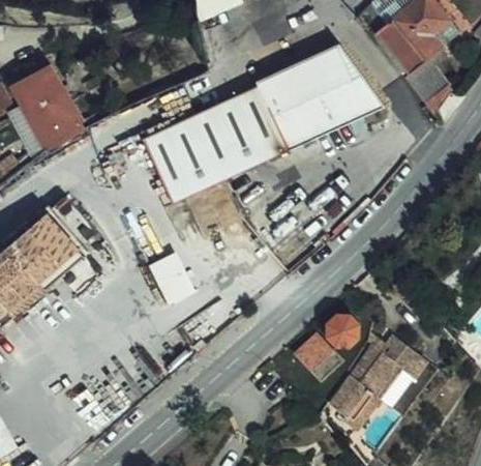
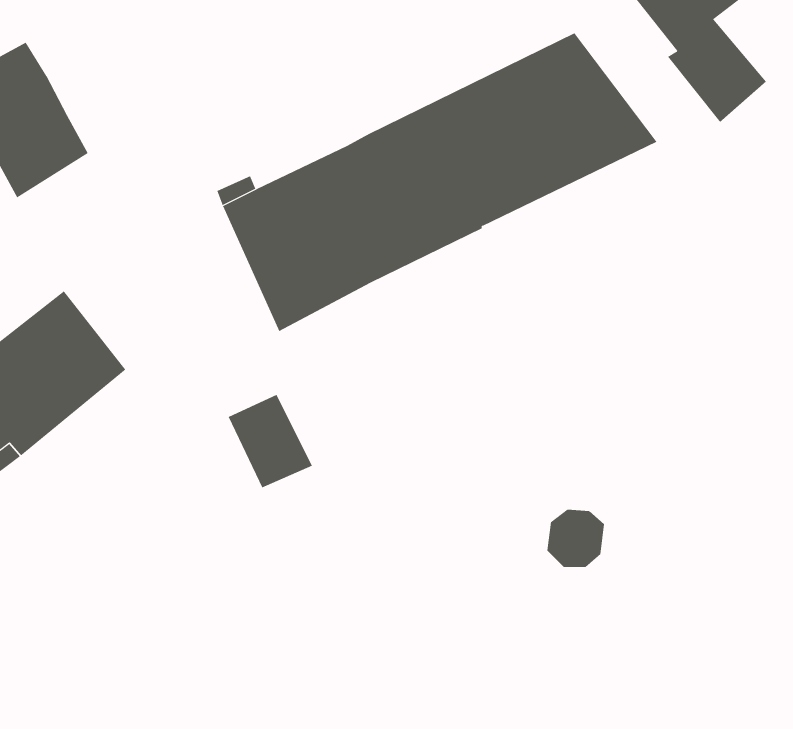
building: [297,331,343,379] -> none
building: [330,341,413,425] -> none

